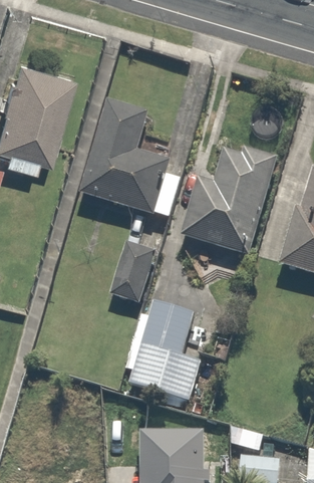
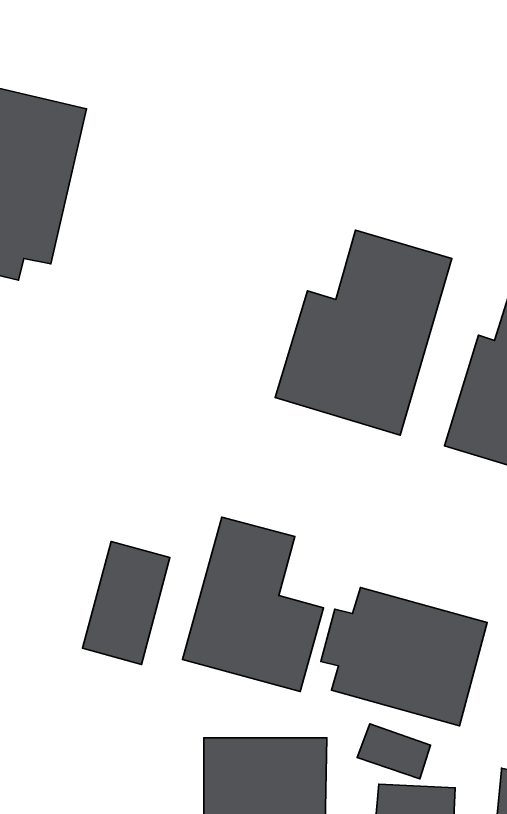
building: [80,98,186,220] -> none
building: [108,234,158,303] -> [83,541,170,664]
building: none -> [321,588,487,726]

